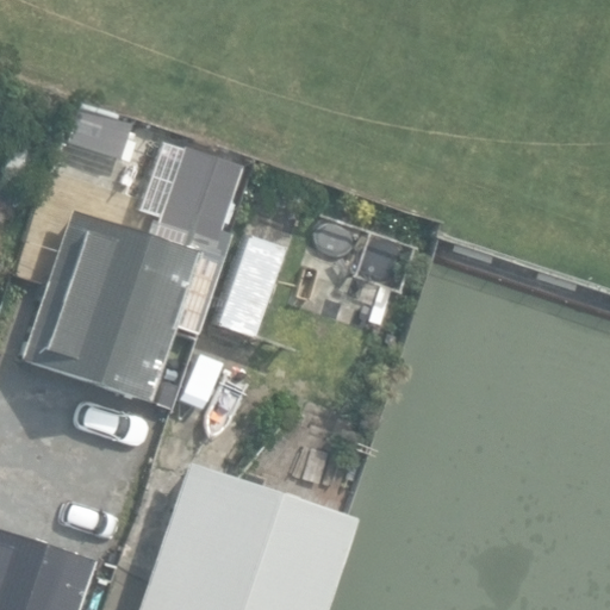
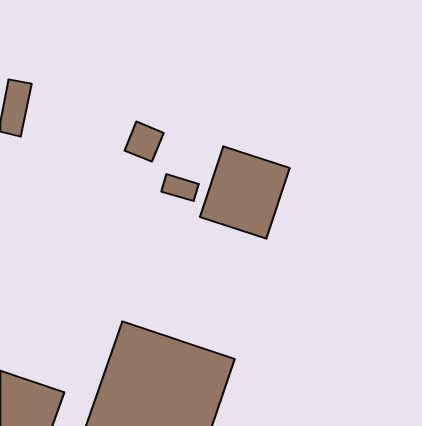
building: [24,208,206,404] -> none

